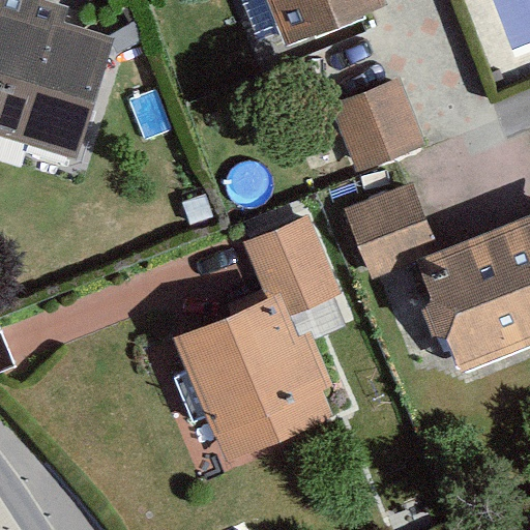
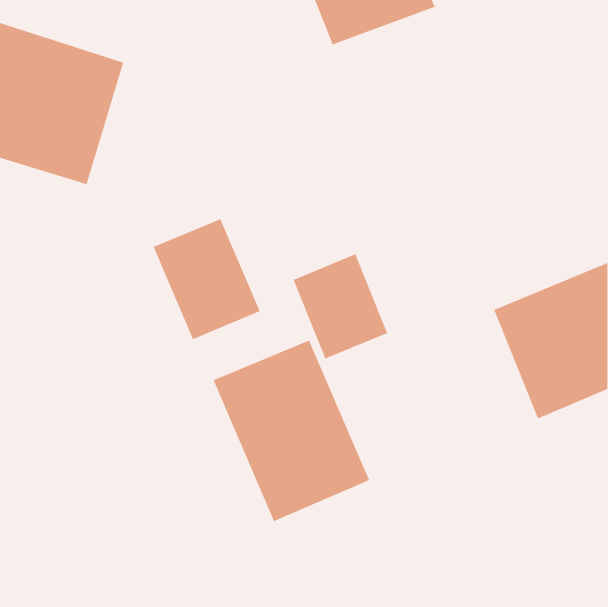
building: [341,84,420,164] -> none
building: [346,186,433,273] -> none
building: none -> [152,218,261,340]

